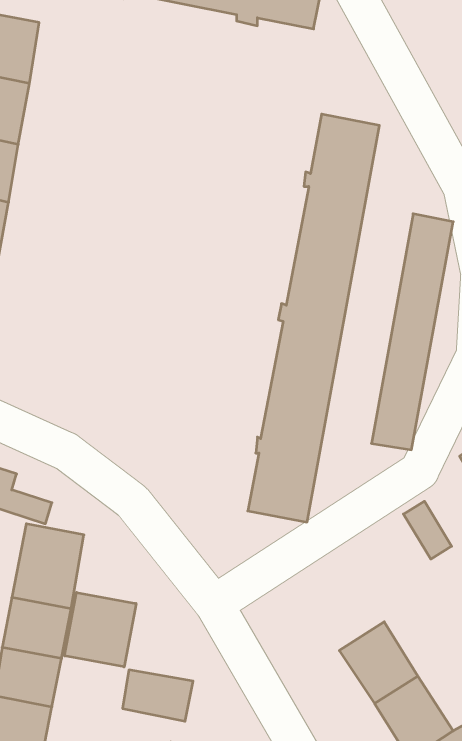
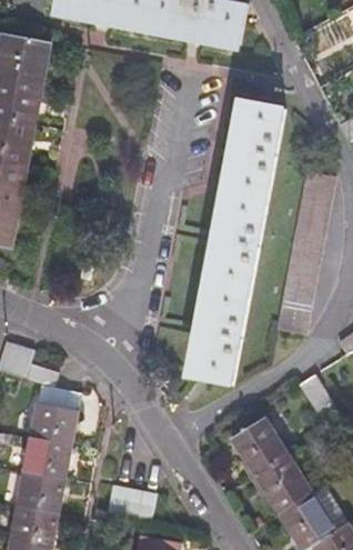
building: none -> [231,416,286,474]
building: [65,592,136,667] -> none

